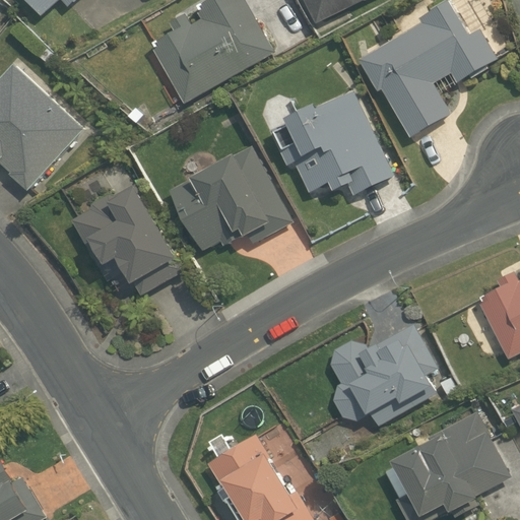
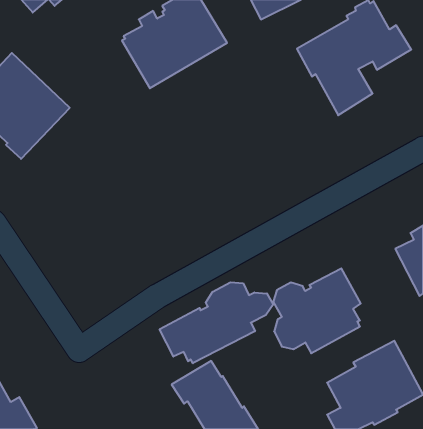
building: [269,91,393,195] -> none
building: [169,145,292,251] -> none
building: [71,185,182,296] -> none
building: none -> [160,282,273,363]

